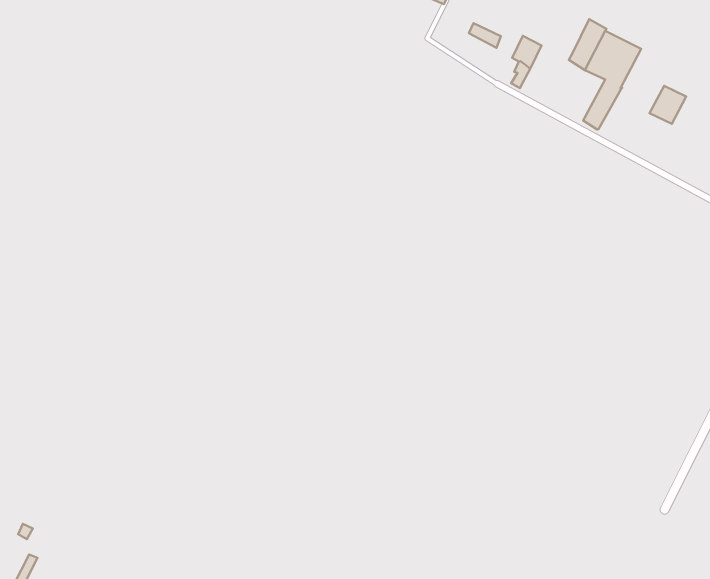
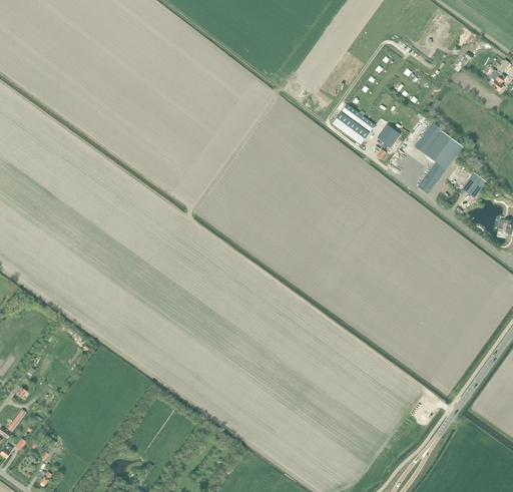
building: none -> [332,111,369,143]

